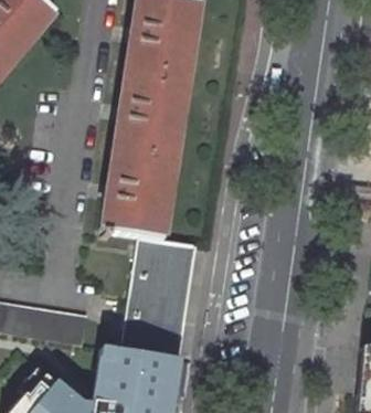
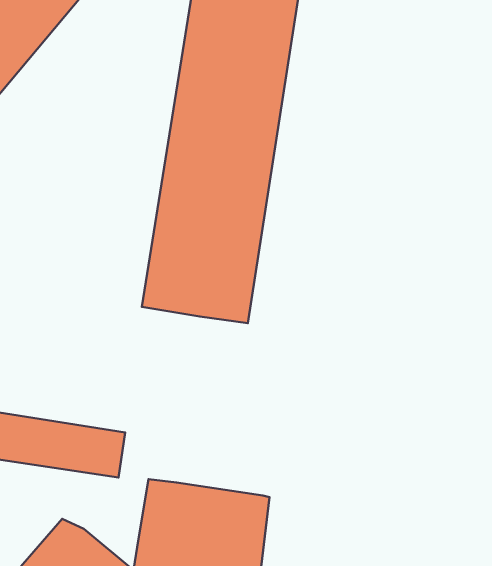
building: [123,232,195,351] -> none

